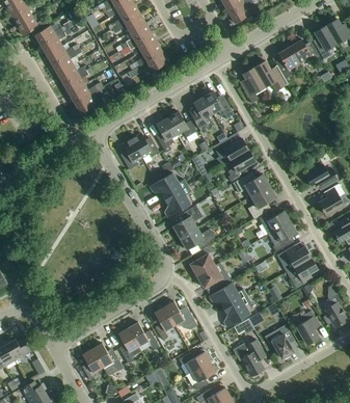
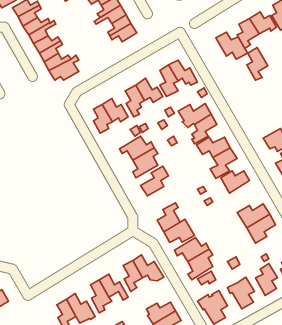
building: [242,68,265,103] -> [247,47,268,80]
building: [268,221,297,252] -> none
building: [180,227,216,250] -> none

